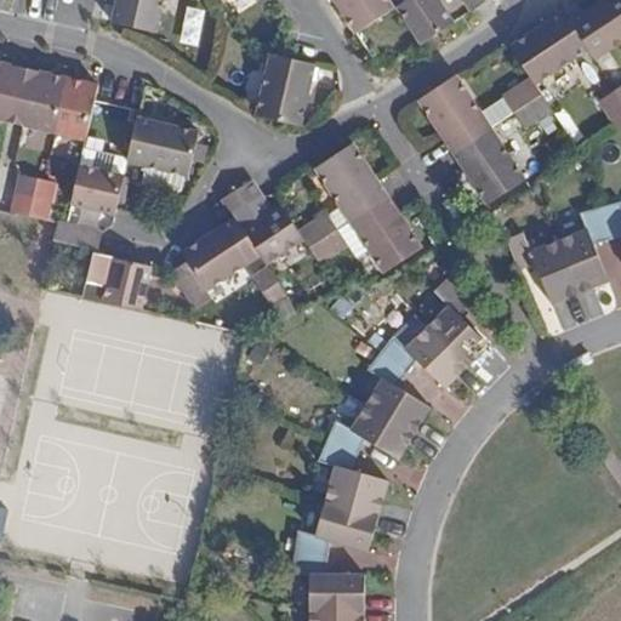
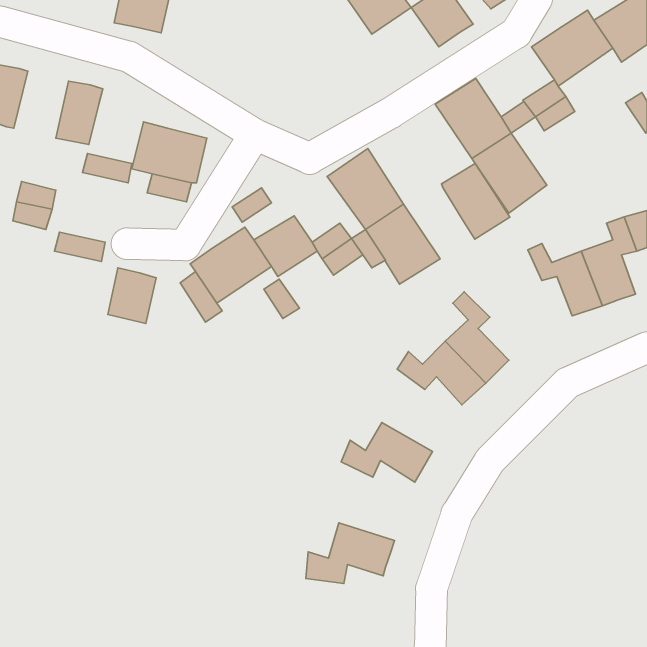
building: [255,52,312,125] -> none
building: [13,68,65,132] -> none
building: none -> [442,163,510,239]
building: [70,165,124,212] -> none
building: [365,353,428,432] -> none
building: [318,441,388,517] -> none
building: [290,553,364,610] -> none

